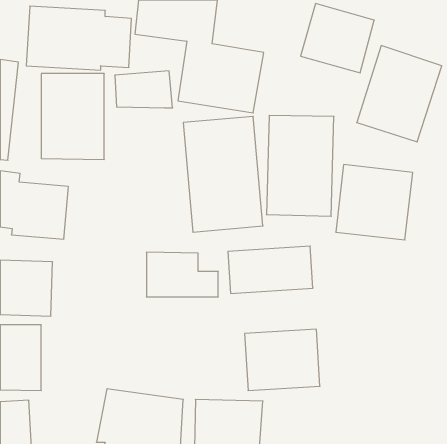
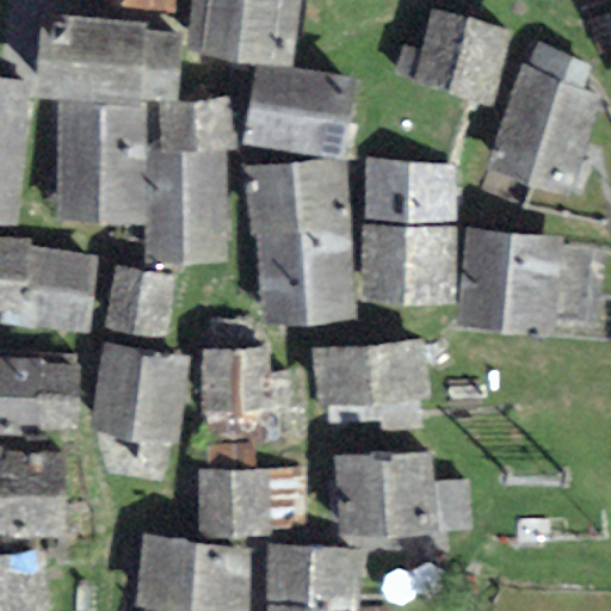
building: none -> [148,150,226,260]
building: none -> [90,267,191,444]
building: none -> [196,470,269,537]

